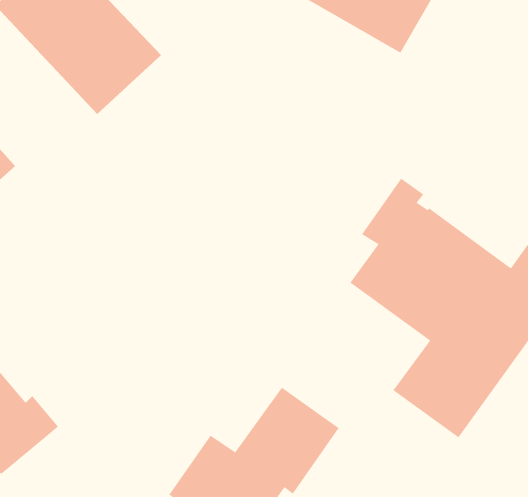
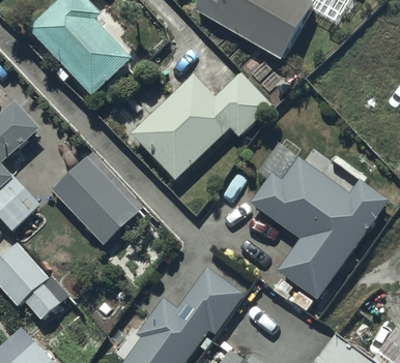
building: none -> [131,72,273,181]
building: none -> [51,156,139,245]

